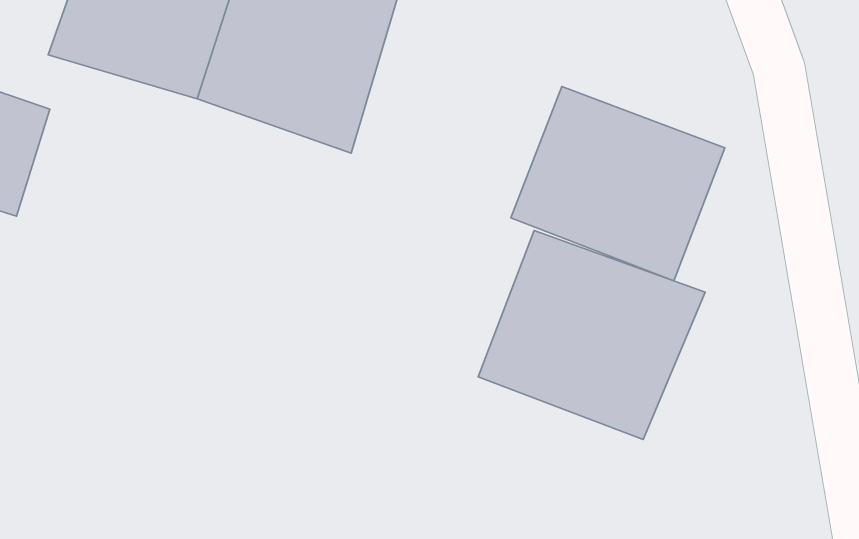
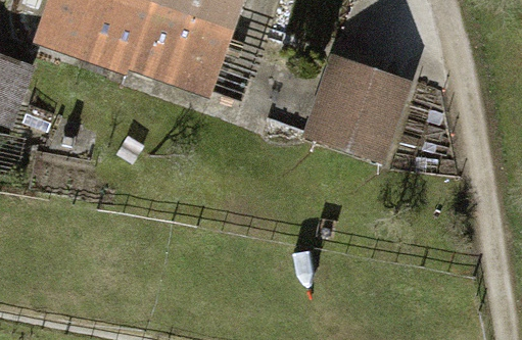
building: [478,231,705,440] -> none

